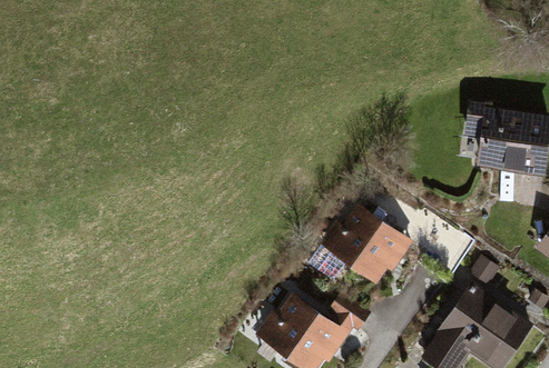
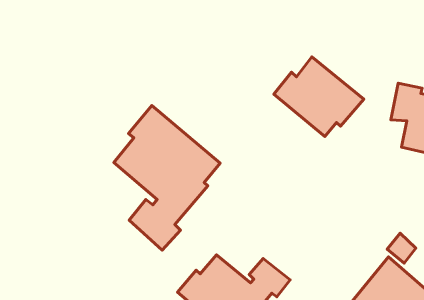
building: none -> [114,106,220,250]
building: [320,203,414,286] -> [274,57,364,136]

